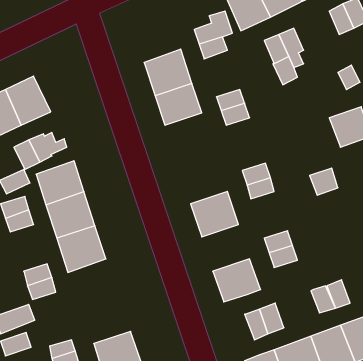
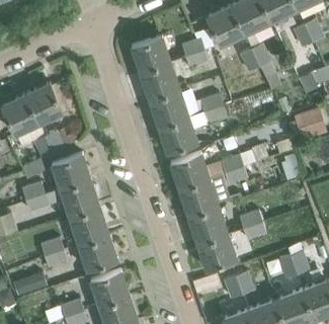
building: none -> [131,36,170,73]
building: none -> [157,114,197,154]
building: none -> [170,154,209,189]
building: none -> [187,207,227,245]
building: none -> [77,235,117,271]
building: none -> [90,271,129,305]

